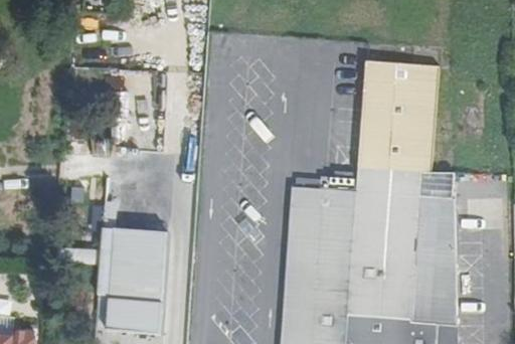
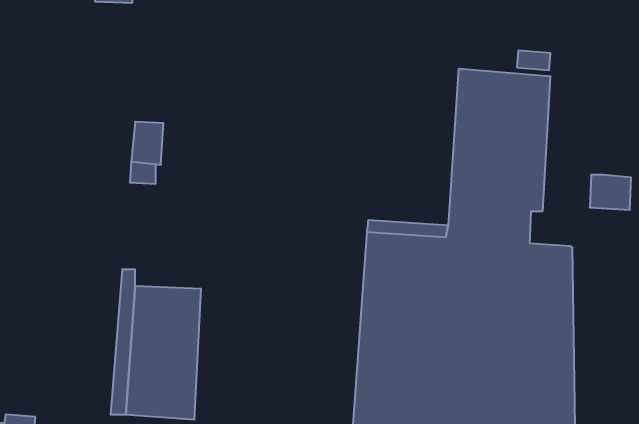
building: [420,171,453,198] -> [590,175,631,210]

